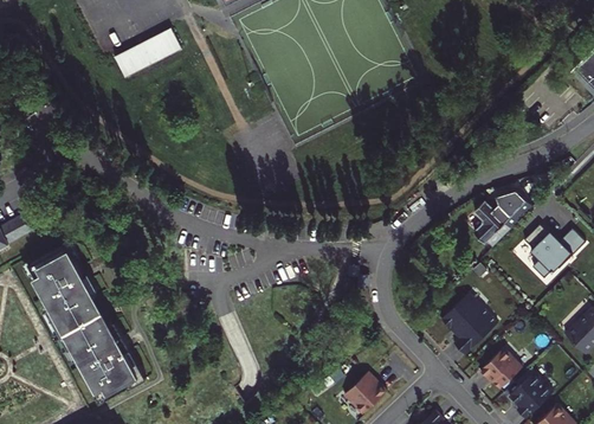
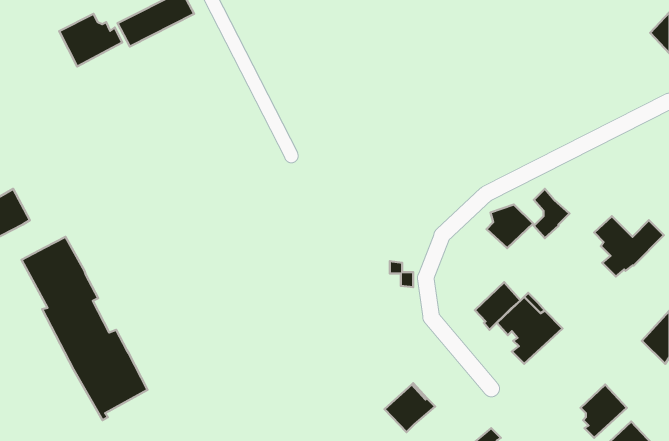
building: none -> [59,14,122,66]
building: [490,191,530,229] -> [486,204,533,248]
building: none -> [475,282,521,330]
building: [479,348,522,388] -> none

